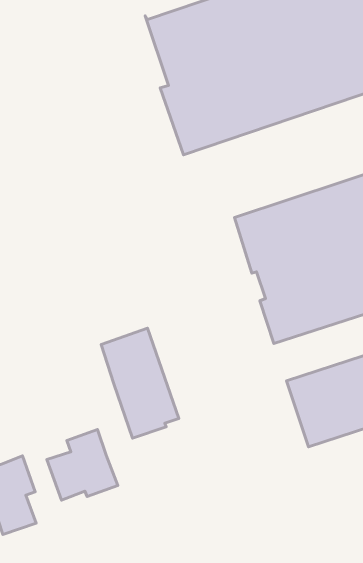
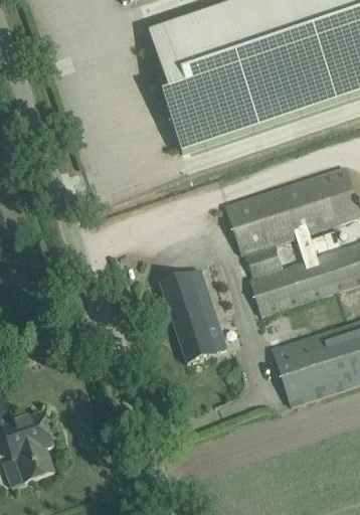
building: [101,328,179,438] -> [160,269,227,364]
building: [47,430,118,500] -> none

